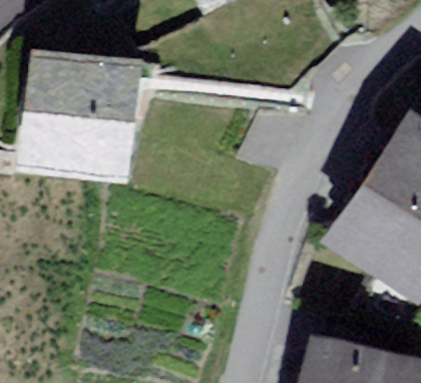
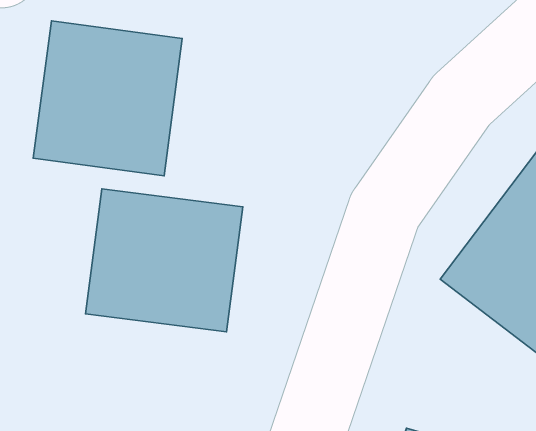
building: none -> [86,189,243,332]

